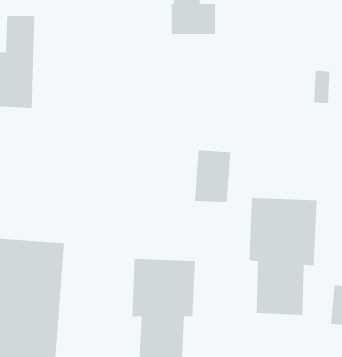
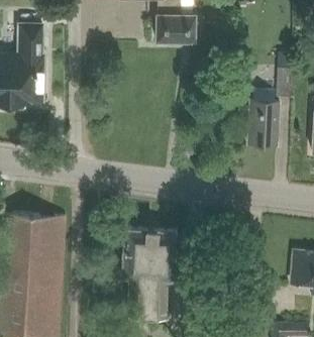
building: [194,150,231,202] -> [247,101,279,145]
building: [249,197,317,316] -> none

